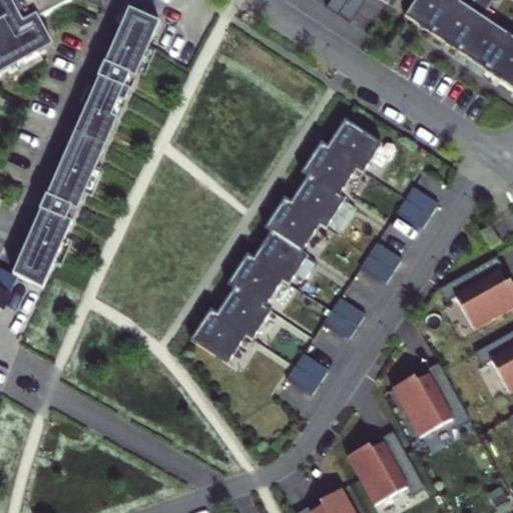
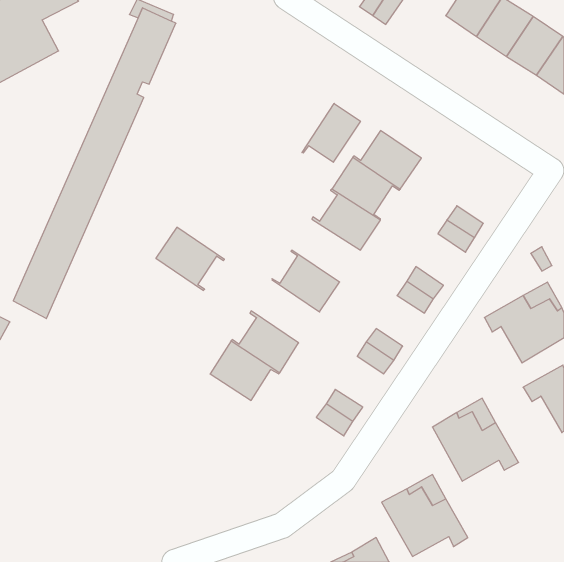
building: none -> [302,103,360,162]
building: [265,198,327,255] -> none
building: [227,253,290,311] -> [156,227,224,290]

